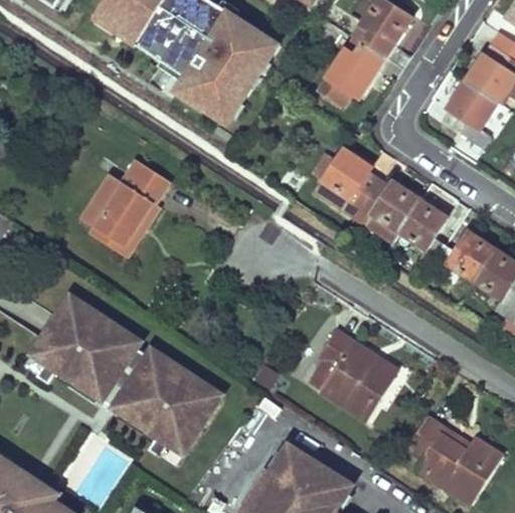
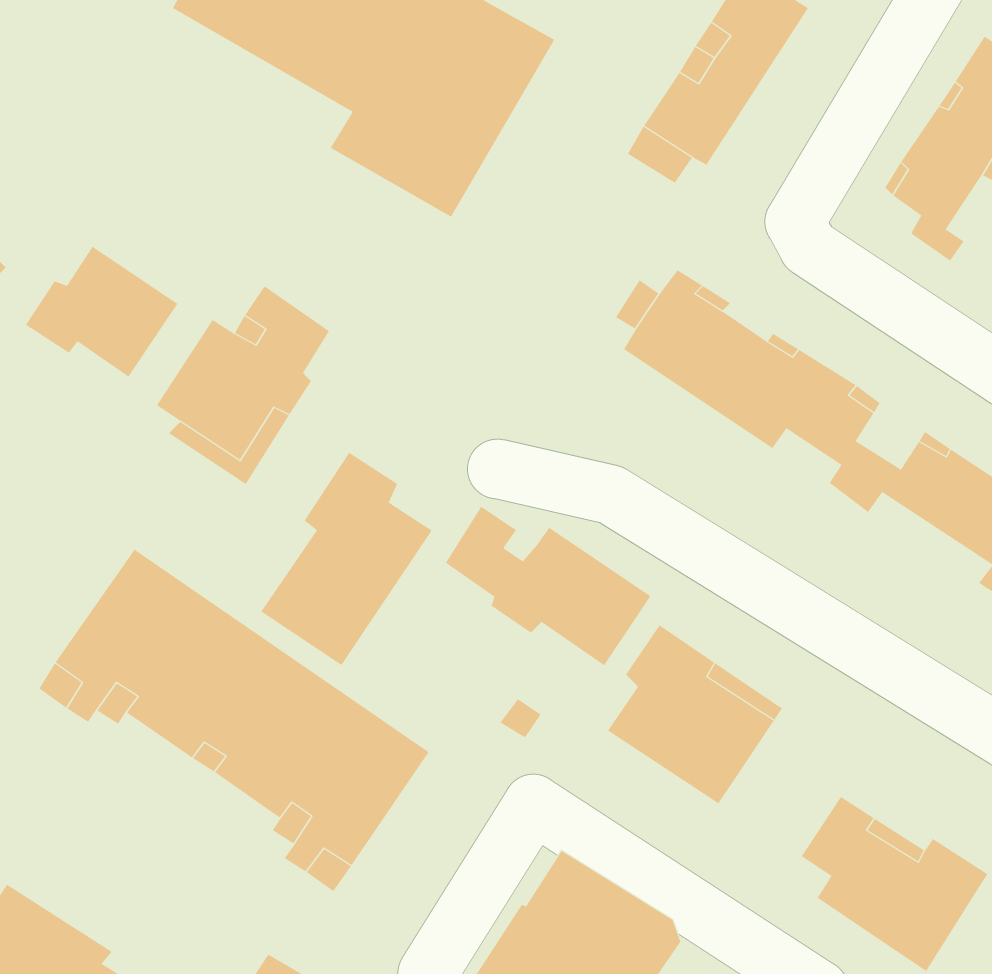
building: none -> [25,246,178,378]
building: none -> [260,452,432,666]
building: none -> [445,506,651,666]

